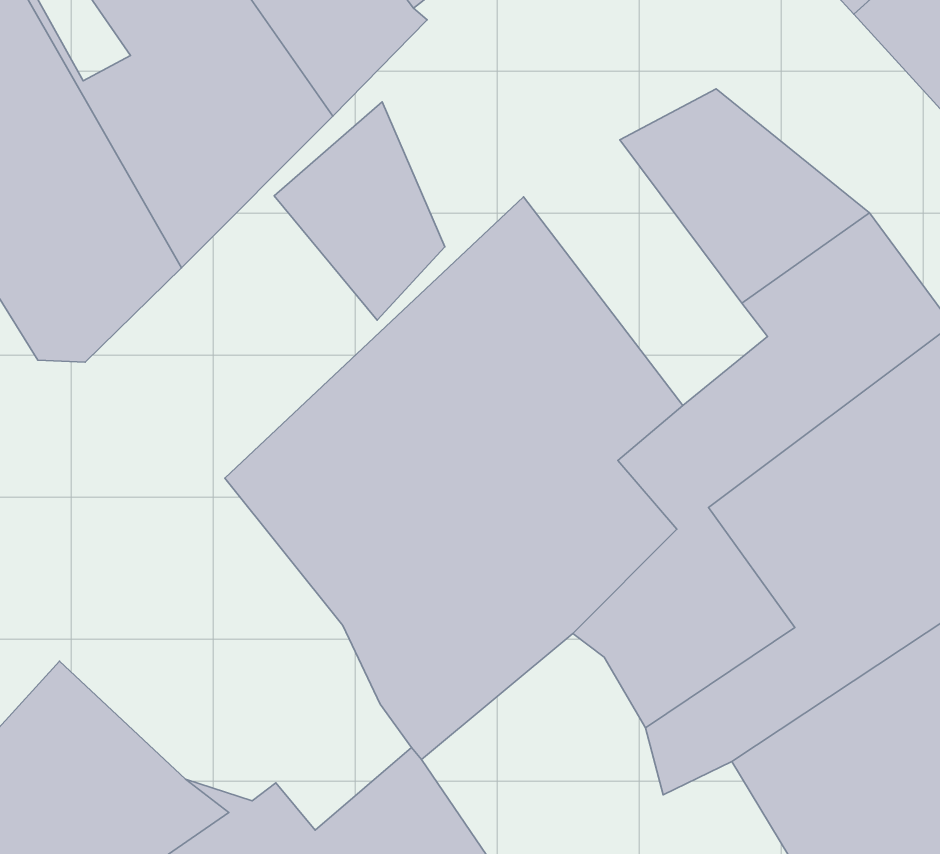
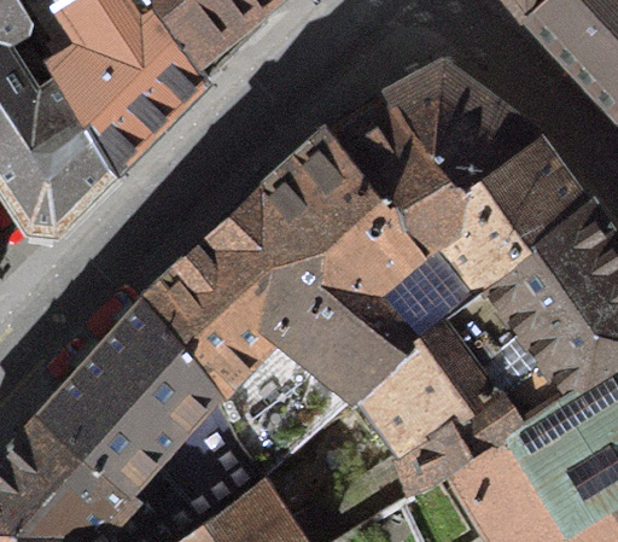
building: [274,102,445,320] -> none
building: none -> [325,91,474,253]
building: none -> [40,298,256,514]

